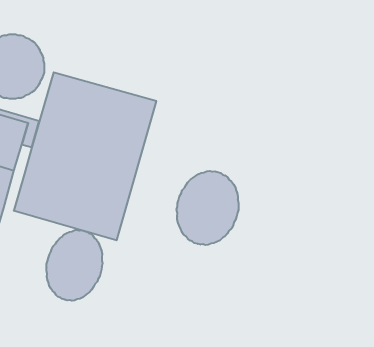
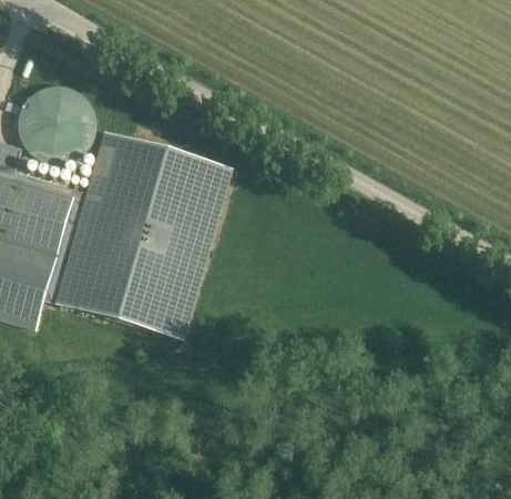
building: [177,171,239,245] -> none
building: [46,230,103,301] -> none

